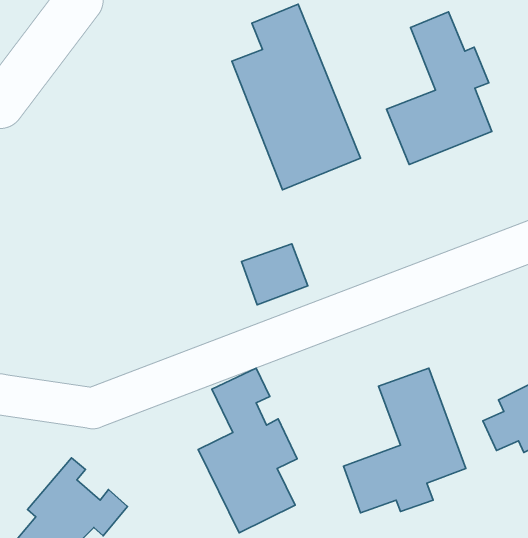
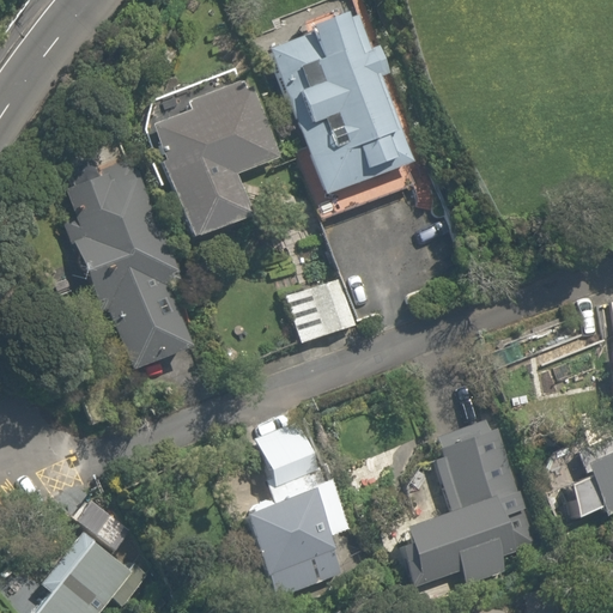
building: [386,12,492,164] -> none
building: none -> [156,79,275,233]
building: none -> [69,158,190,370]

